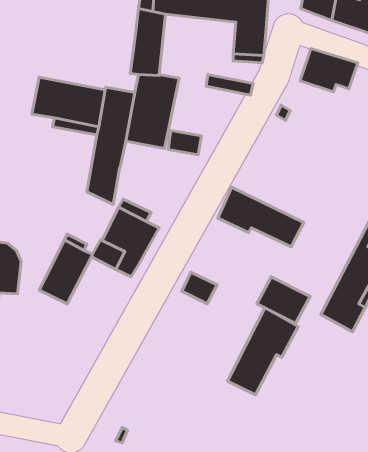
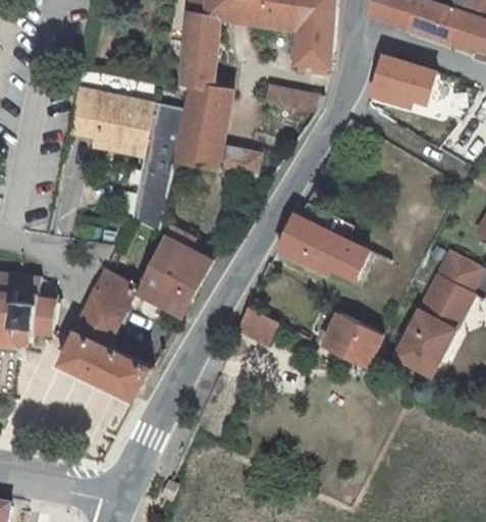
building: none -> [59,330,150,398]
building: [227,308,298,395] -> none

